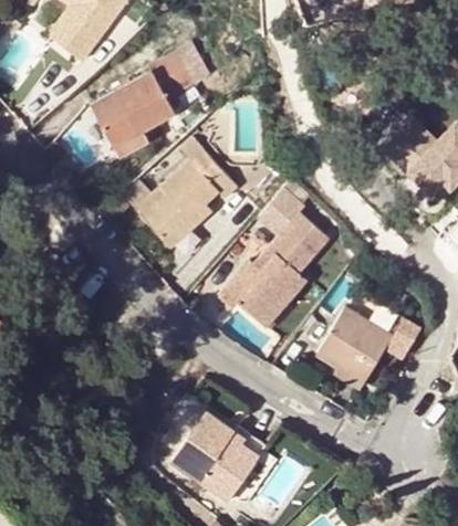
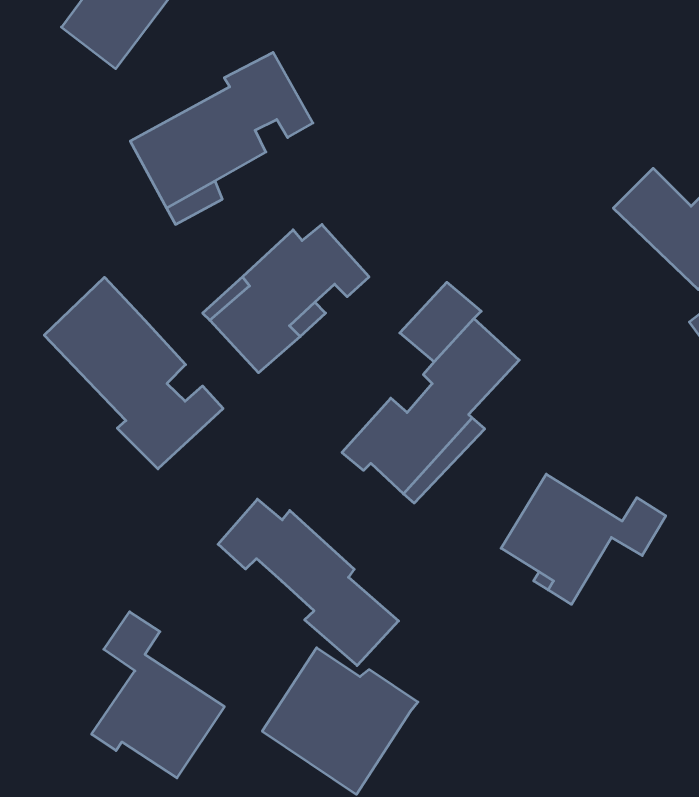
building: none -> [44,277,223,469]
building: none -> [218,499,399,666]
building: none -> [92,612,224,778]

